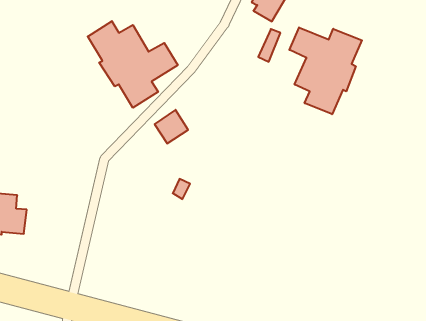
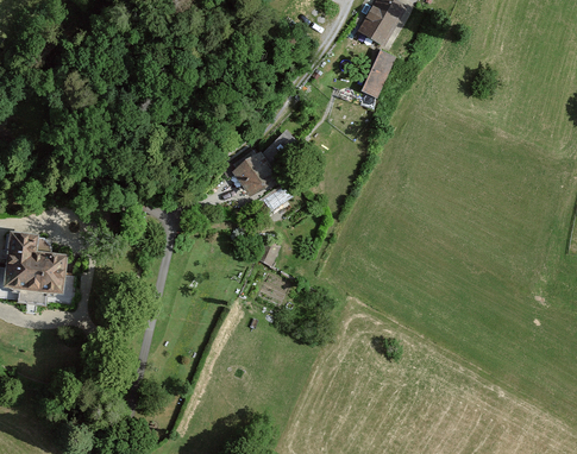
building: [88,21,178,108] -> none
building: [289,27,362,114] -> none

